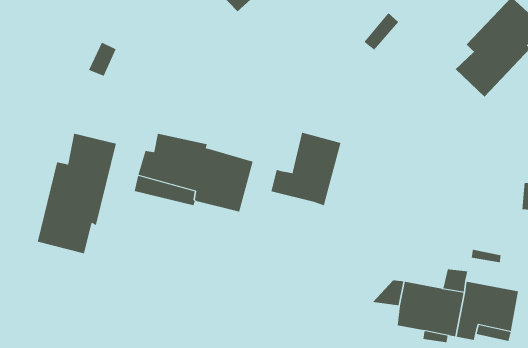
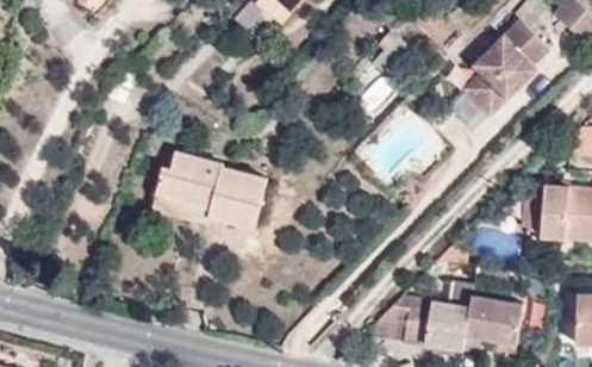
building: [271,132,341,206] -> none
building: [37,133,116,254] -> none

